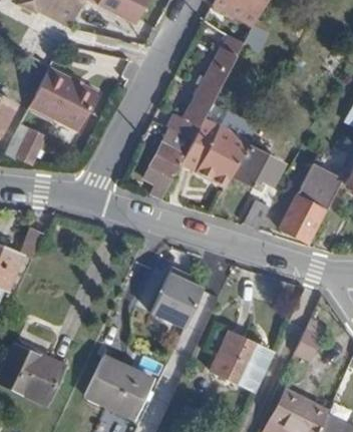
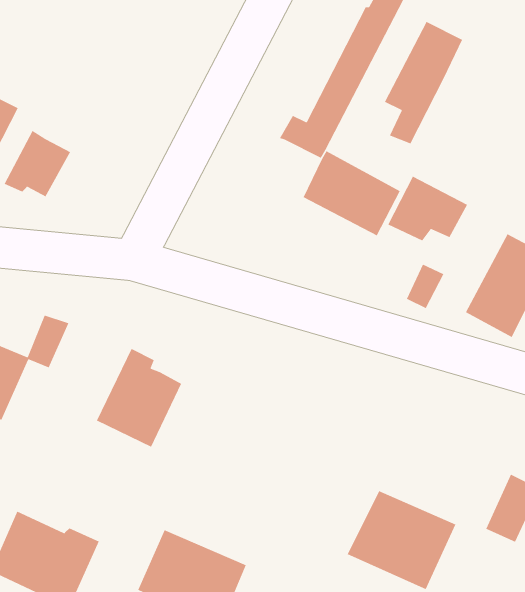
building: [32,64,100,127] -> none
building: [147,125,195,198] -> [384,21,463,144]
building: [150,269,202,328] -> [96,348,182,448]

